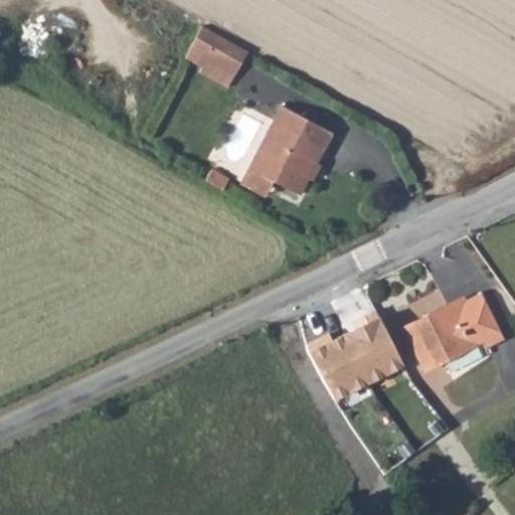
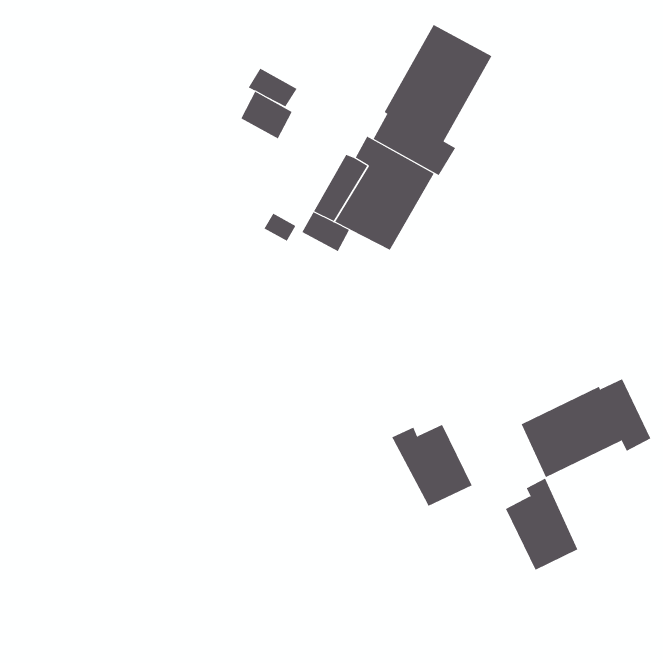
building: none -> [373,24,492,176]
building: [203,34,243,71] -> [240,91,293,139]
building: [344,306,400,377] -> [505,478,578,570]

